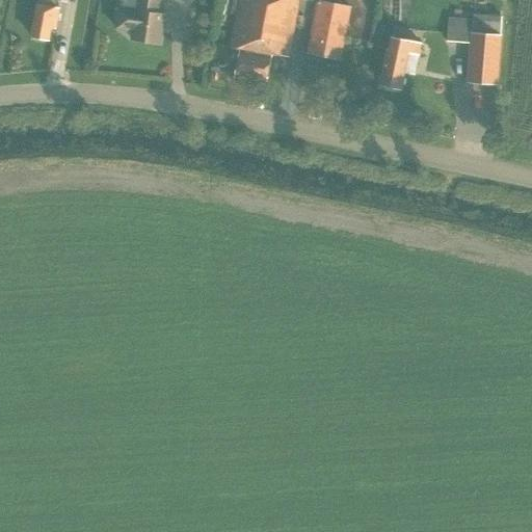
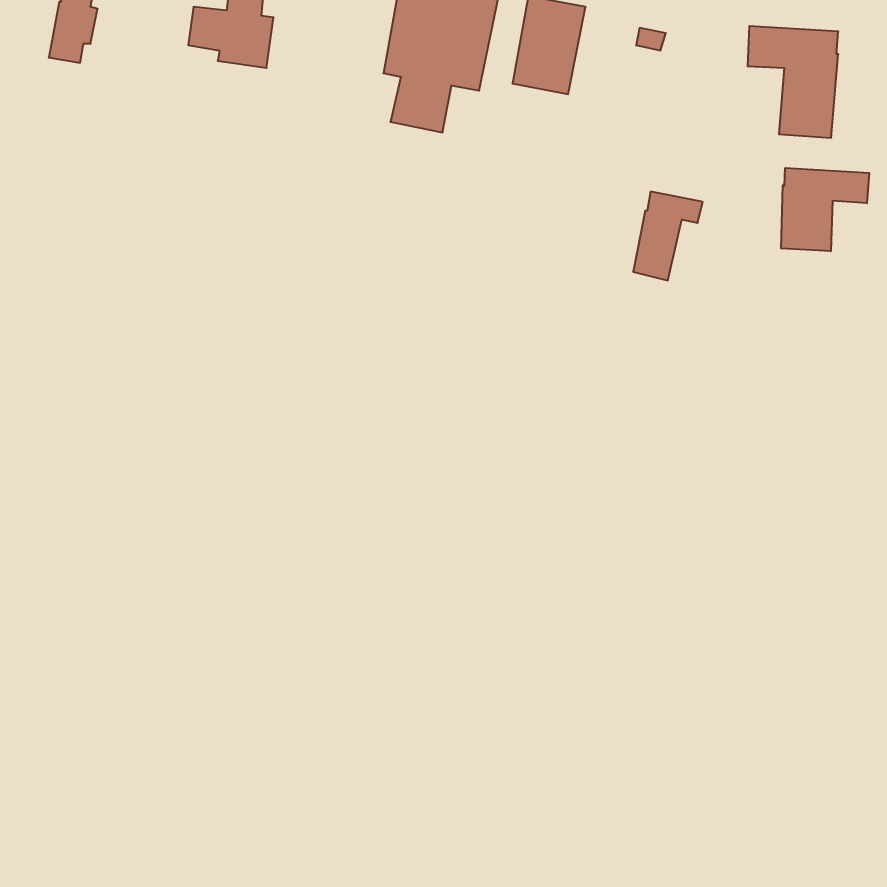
building: [380,34,422,87] -> [633,192,703,280]
building: none -> [781,168,869,251]

